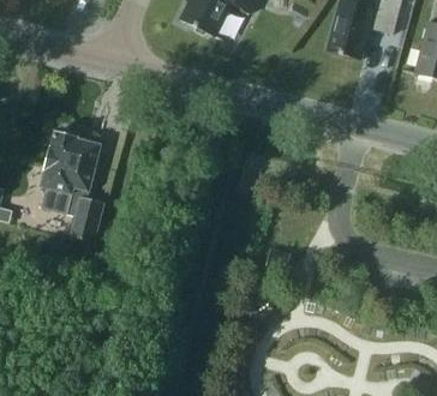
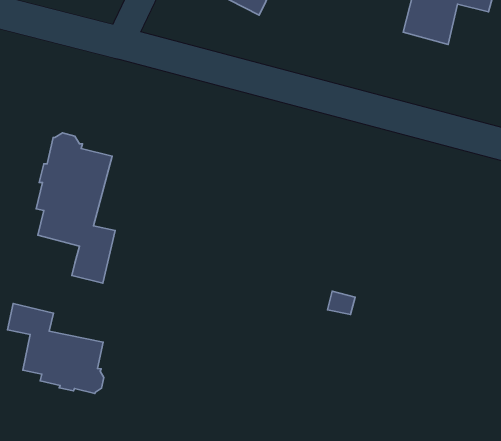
building: none -> [7,304,104,393]

